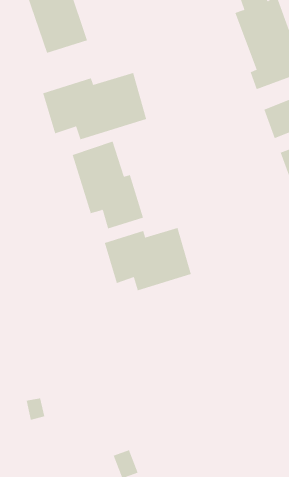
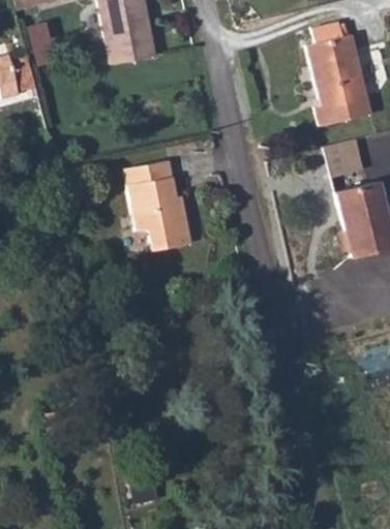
building: [42,72,147,140] -> none
building: [104,227,191,291] -> none

